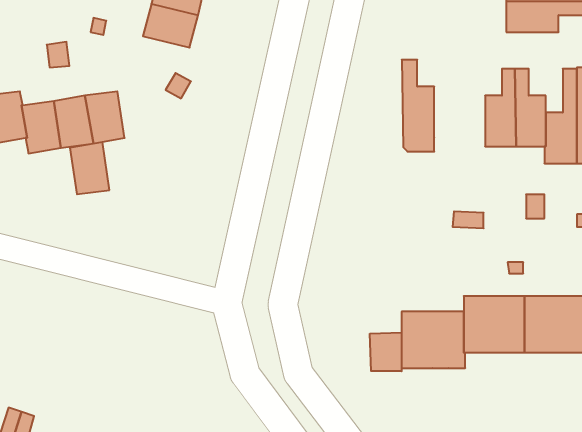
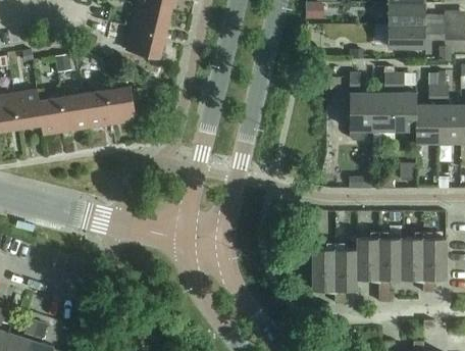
building: [402,60,434,152] -> [349,74,372,141]
building: [70,142,109,194] -> [107,87,136,124]
building: [370,332,402,371] -> none

